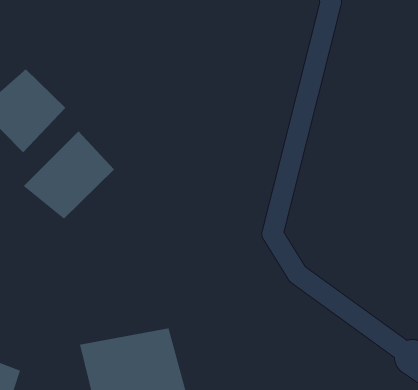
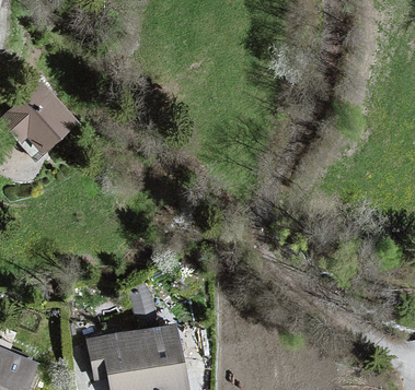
building: [23,130,115,220] -> none

